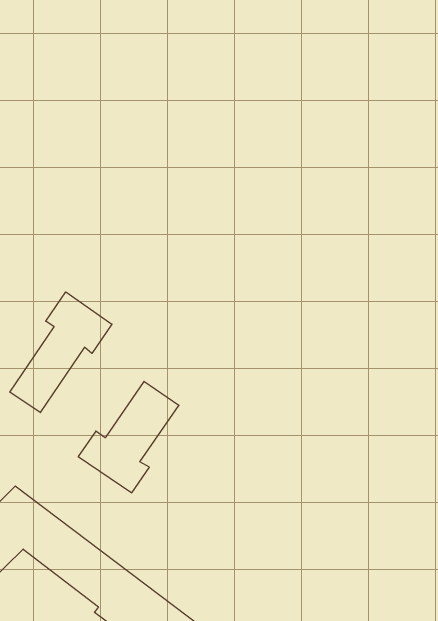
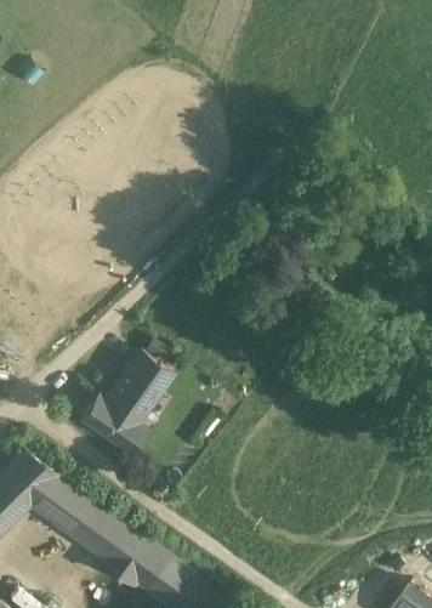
building: [10,292,112,413] -> none

